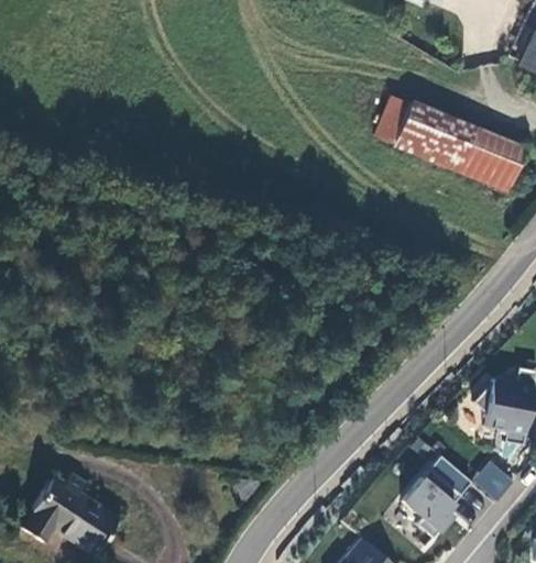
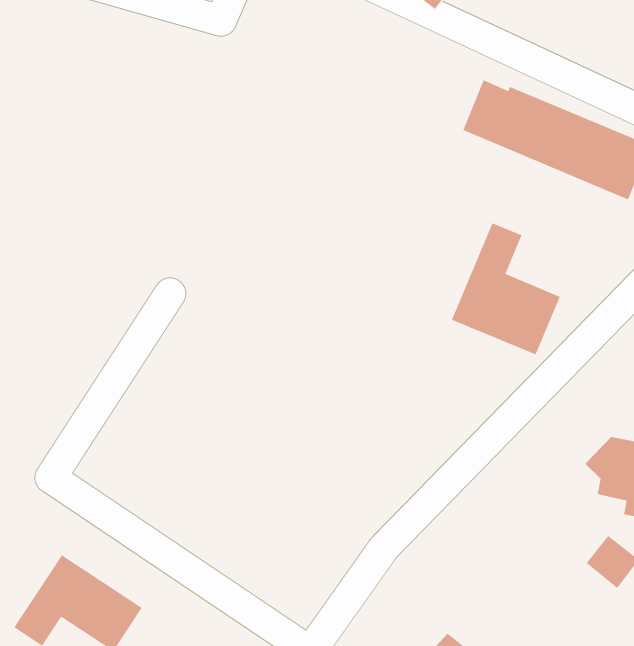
building: none -> [451,222,561,355]
building: [403,454,472,537] -> none

